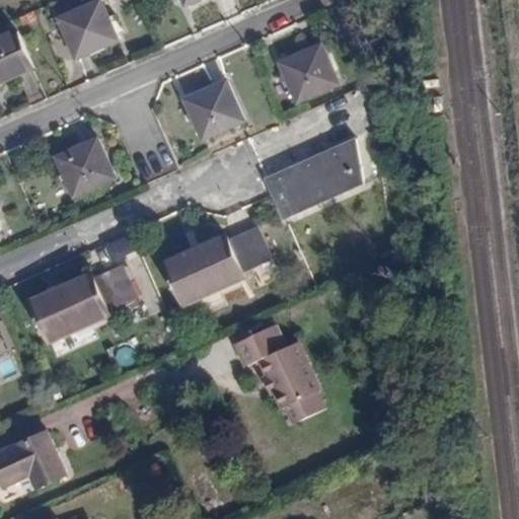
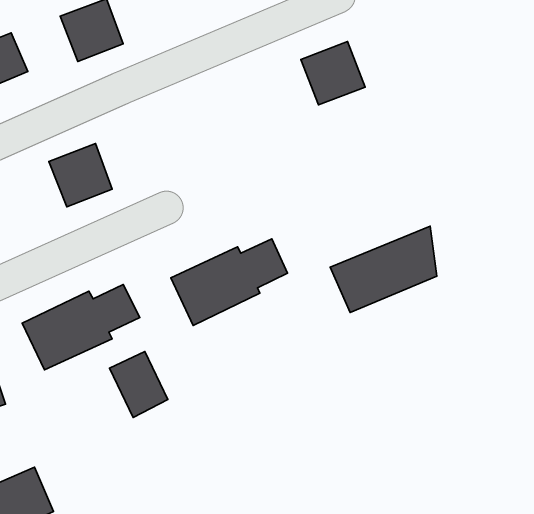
building: [184,80,242,138] -> none
building: [268,141,365,220] -> [330,226,437,313]
building: none -> [109,351,168,417]
building: [220,326,321,421] -> none

